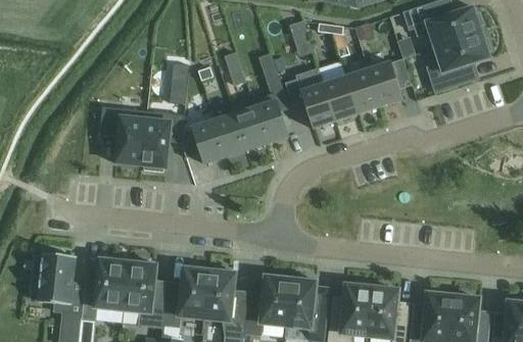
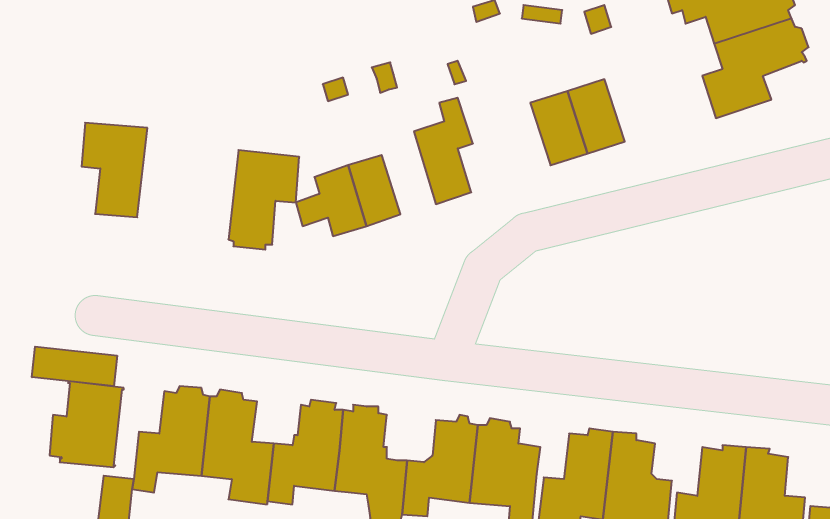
building: [368,58,412,107] -> none
building: [167,64,188,103] -> none
building: [285,67,335,129] -> none
building: [231,101,266,151] -> none
building: [106,109,146,166] -> [82,123,147,217]
building: none -> [32,347,117,386]

